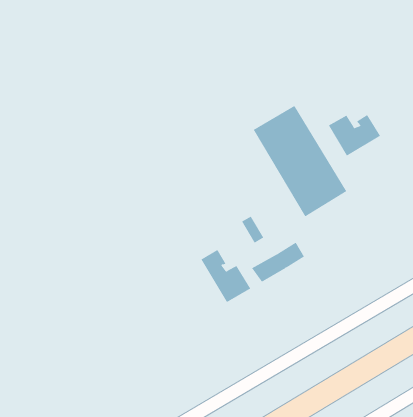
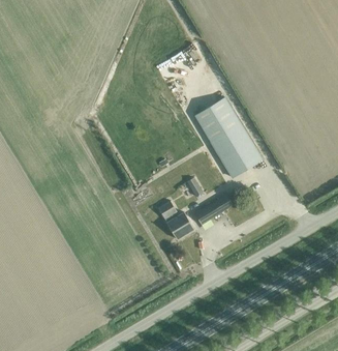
building: [328,114,381,156] -> none

